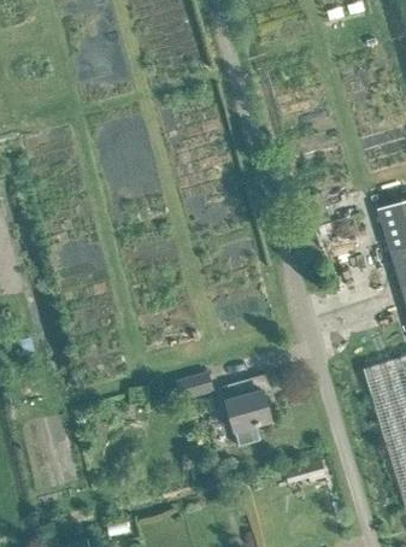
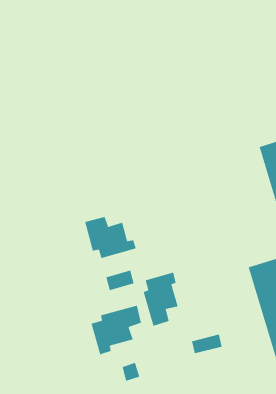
building: none -> [84,216,136,259]
building: none -> [91,305,141,355]

